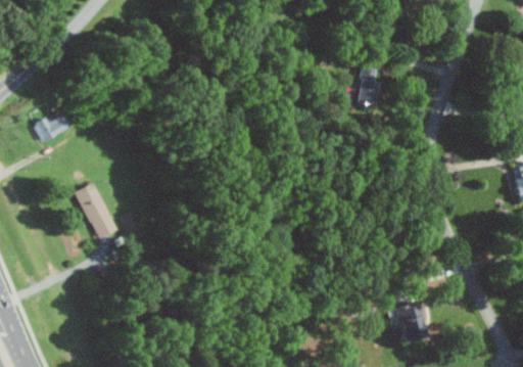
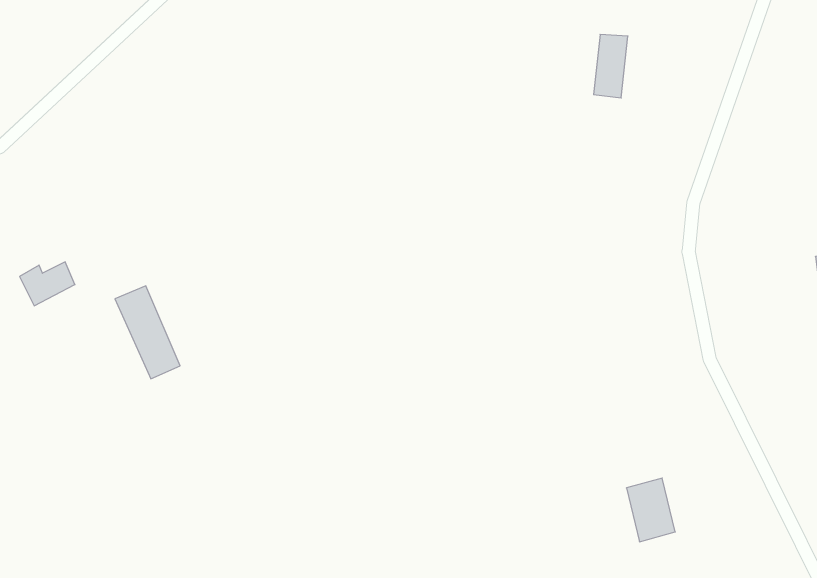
building: [356,67,378,107] -> [594,34,628,98]
building: [33,116,67,143] -> [20,262,75,306]

